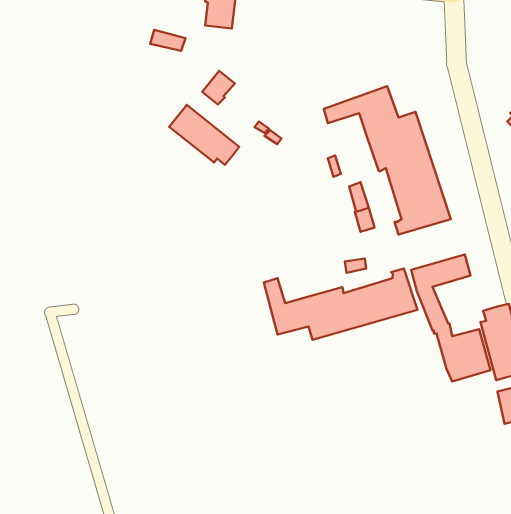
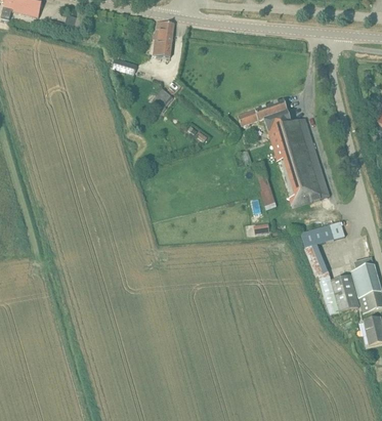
building: [169,105,239,165] -> none
building: [264,269,418,340] -> none

